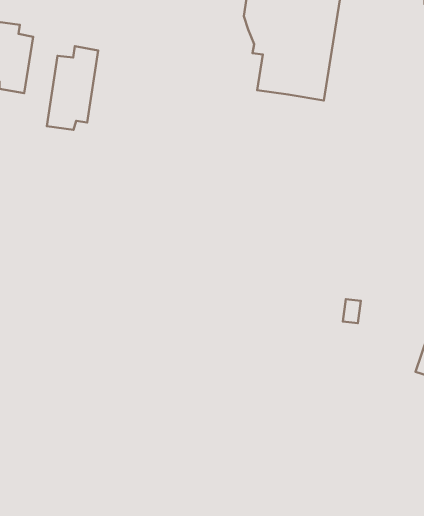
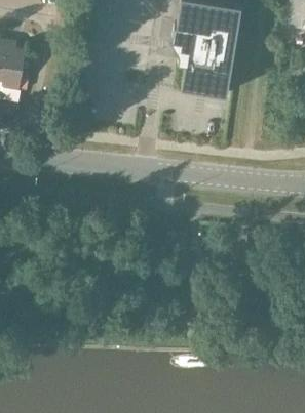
building: [47,46,98,130] -> none

